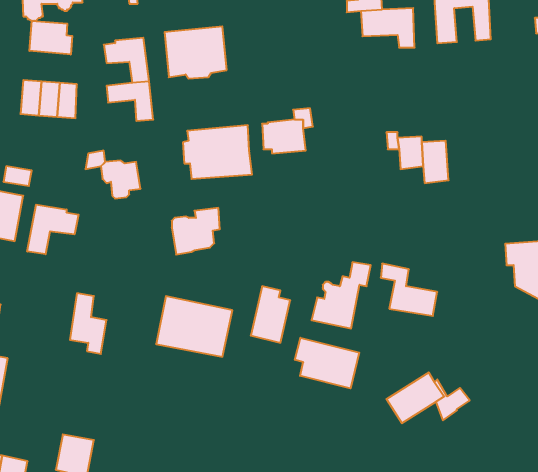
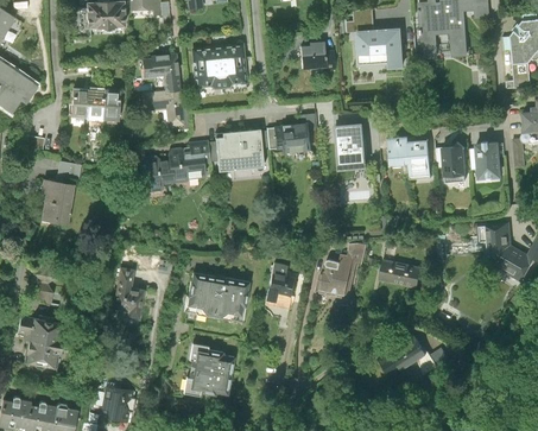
building: [29,21,72,55] -> none
building: none -> [302,43,335,70]
building: none -> [334,123,367,171]
building: none -> [443,141,466,182]
building: none -> [476,142,500,177]
building: [27,205,79,254] -> none
building: [172,208,220,255] -> [169,142,209,182]
building: [295,338,359,388] -> none
building: none -> [184,344,234,398]

